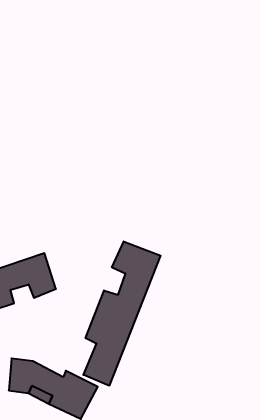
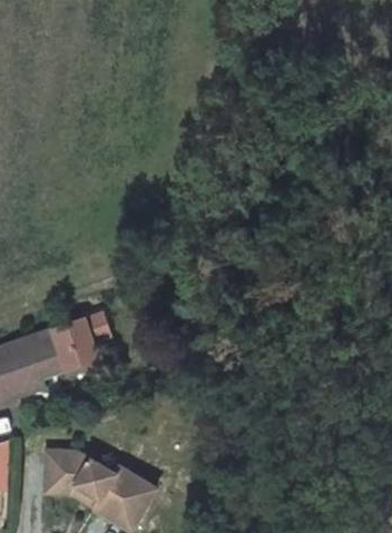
building: [83,241,161,386] -> none

